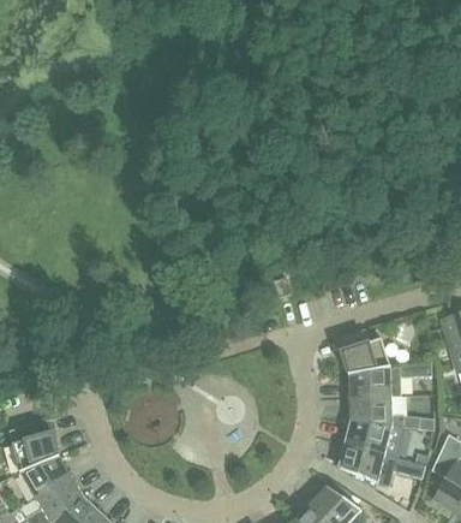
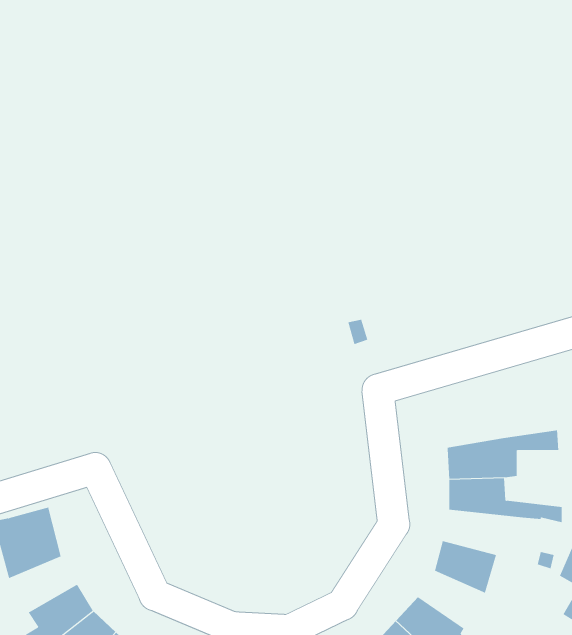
building: [336,328,390,374] -> none
building: [345,421,405,457] -> none
building: [20,456,72,498] -> none

